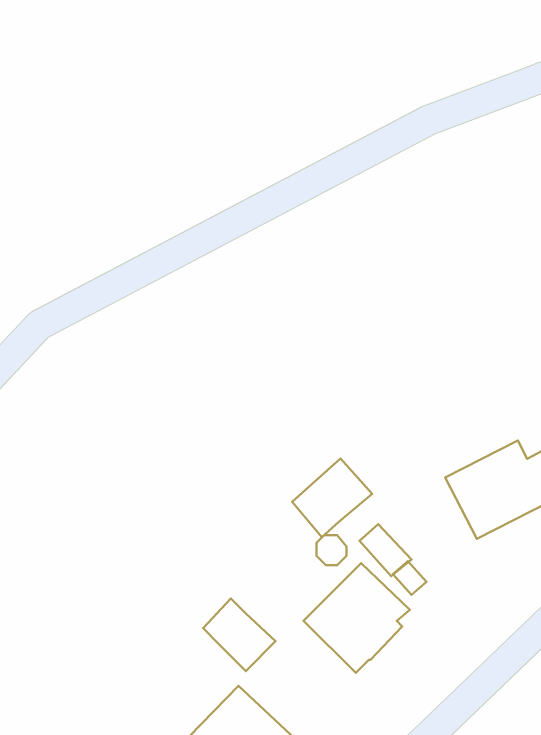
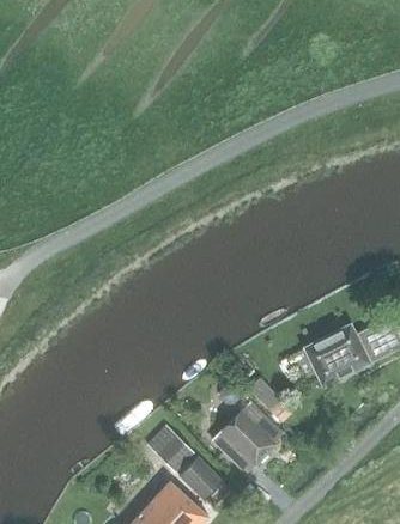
building: [292,458,372,537] -> none
building: none -> [178,457,222,500]

